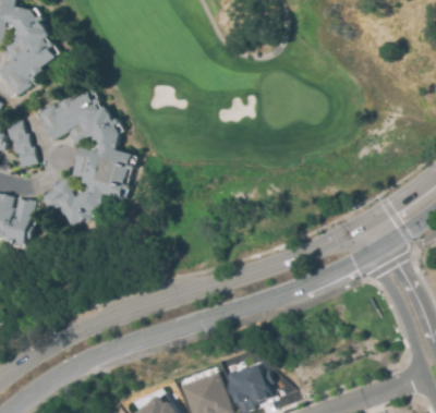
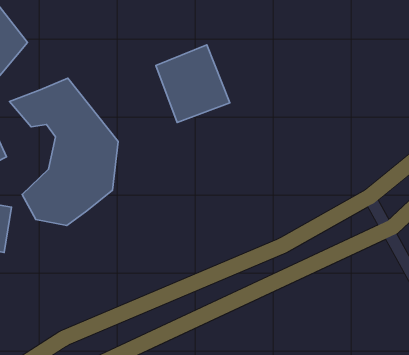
building: none -> [156,45,230,122]

